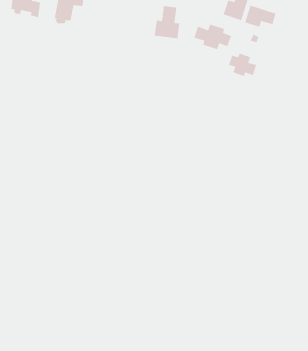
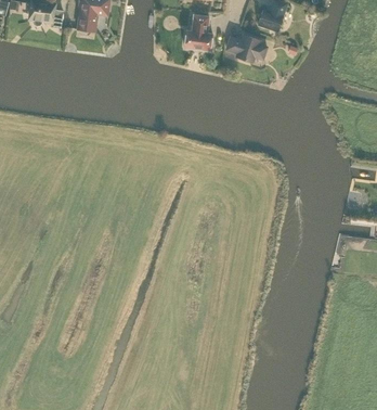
building: [244,5,276,27] -> none
building: [228,53,257,77] -> none

